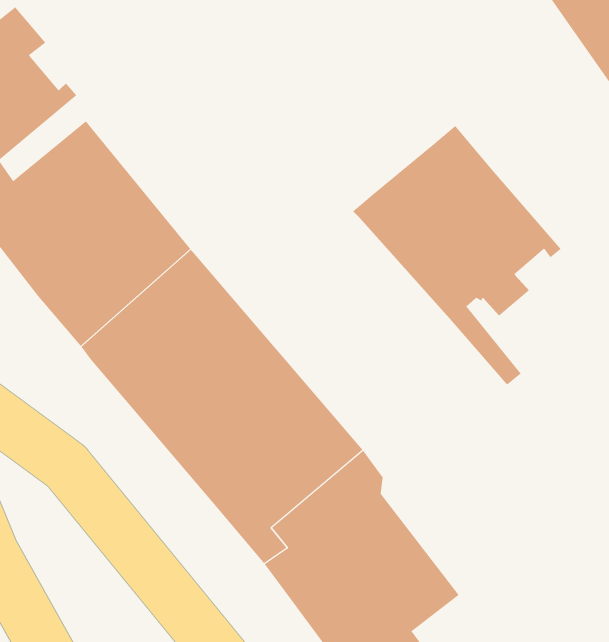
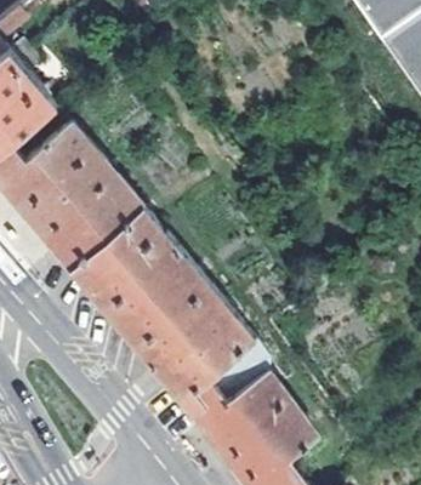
building: [352,125,561,386] -> none

